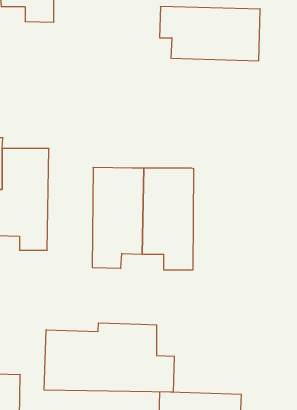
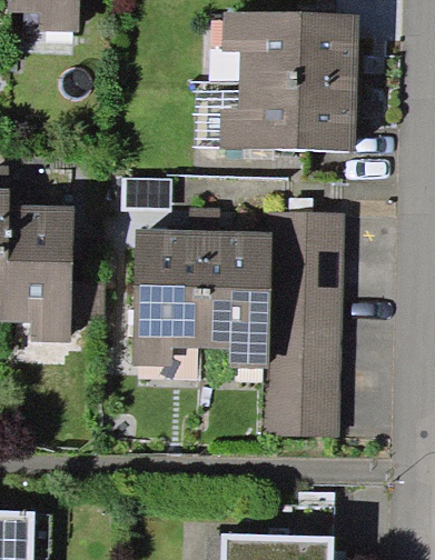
building: none -> [219,81,357,149]
building: none -> [261,212,343,436]
building: [44,323,174,392] -> none

